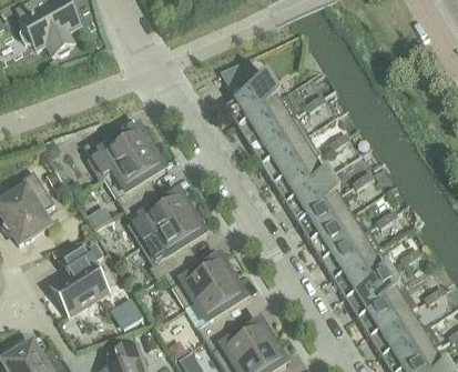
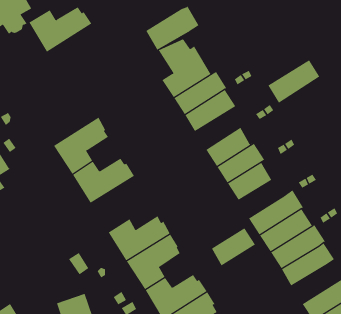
building: none -> [146,5,199,51]
building: [83,125,154,177] -> [28,7,92,52]
building: [261,132,319,181] -> [268,60,320,103]
building: [144,210,205,278] -> none
building: [309,214,359,258] -> [211,228,256,266]
building: [51,240,109,313] -> none
building: [368,310,419,353] -> none

